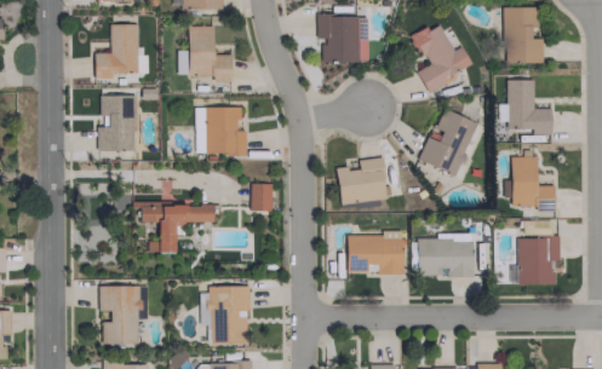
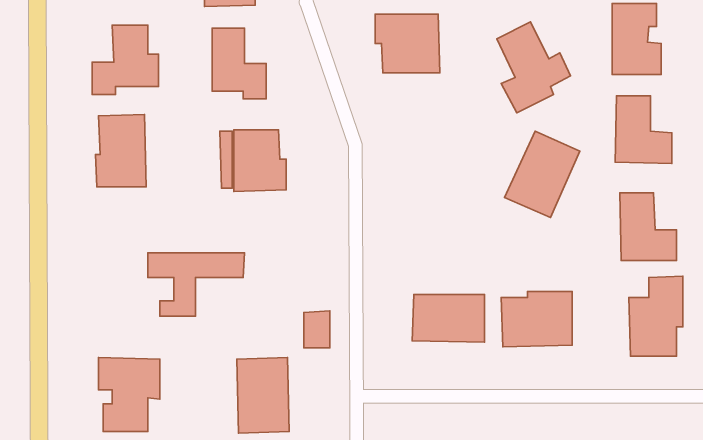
building: [336,157,386,204] -> none
building: [251,183,271,212] -> [304,311,330,348]

